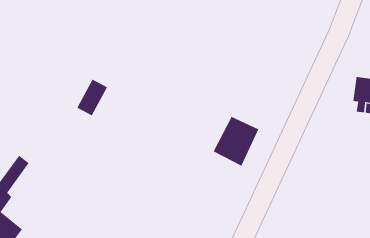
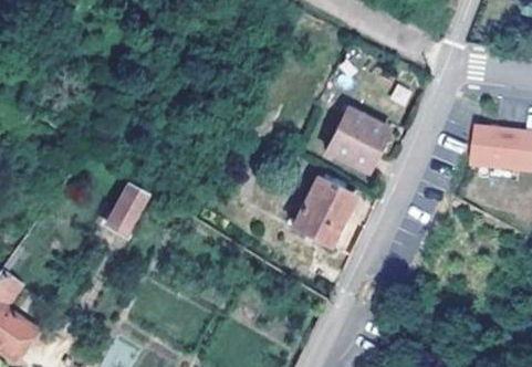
building: none -> [328,111,389,170]
building: [77,79,108,116] -> [107,185,149,234]

